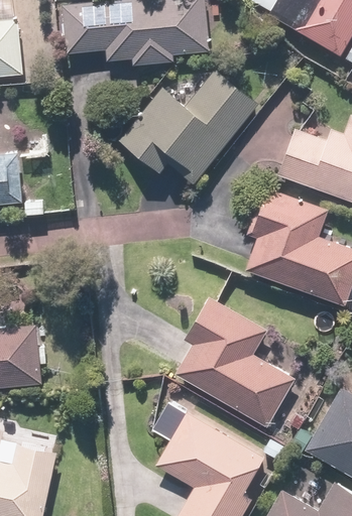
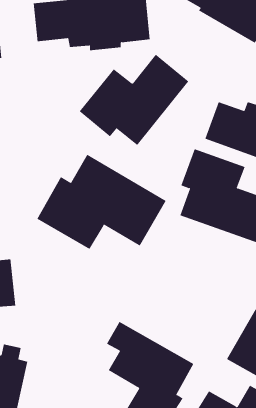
building: none -> [36,154,167,250]
building: [174,296,295,426] -> none

